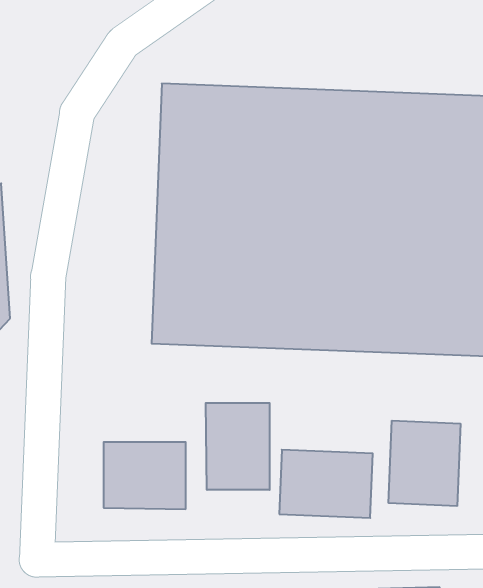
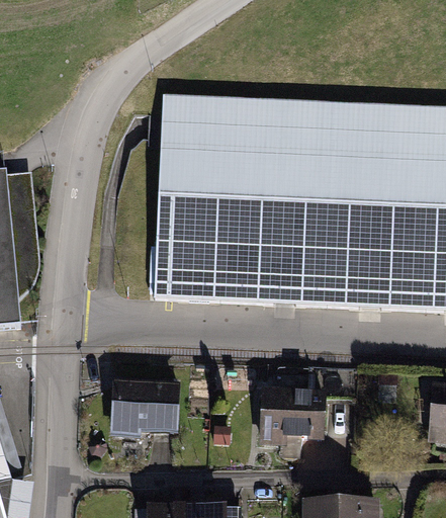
building: [206,403,270,490] -> none
building: [389,421,460,506] -> none

